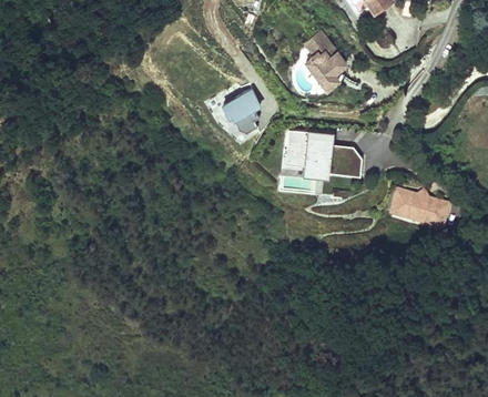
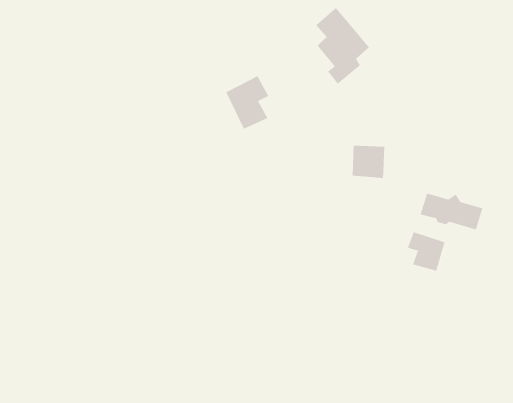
building: [282,131,333,175] -> none
building: none -> [407,232,445,272]

